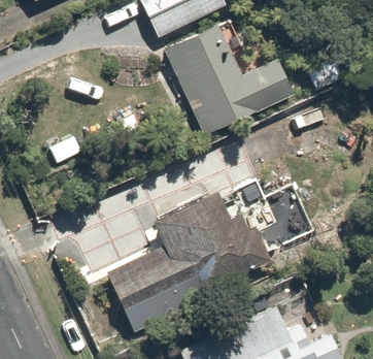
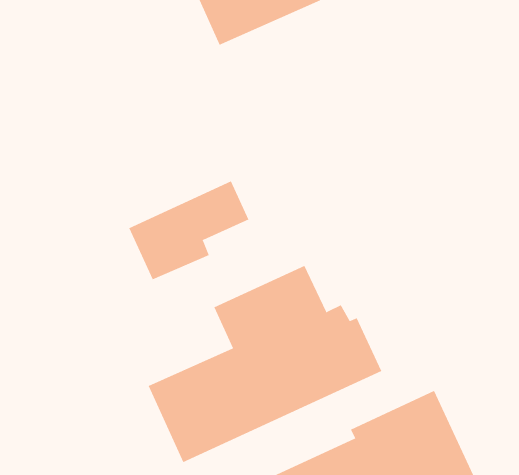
building: [166,21,287,131] -> none
building: none -> [129,181,249,280]

